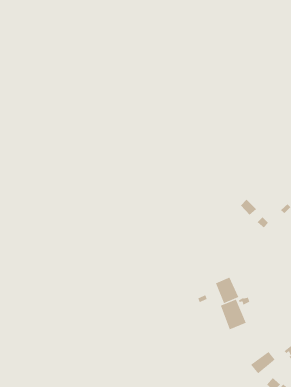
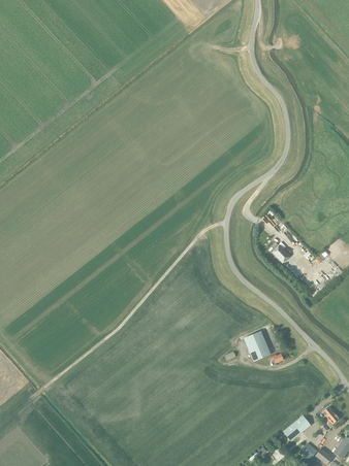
building: [220,299,246,330] -> none

